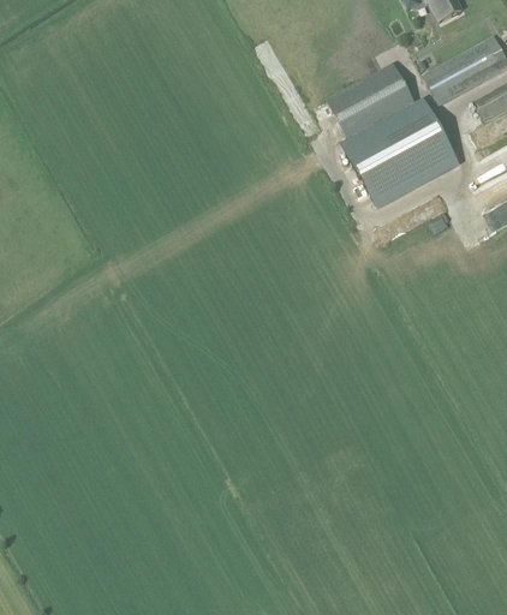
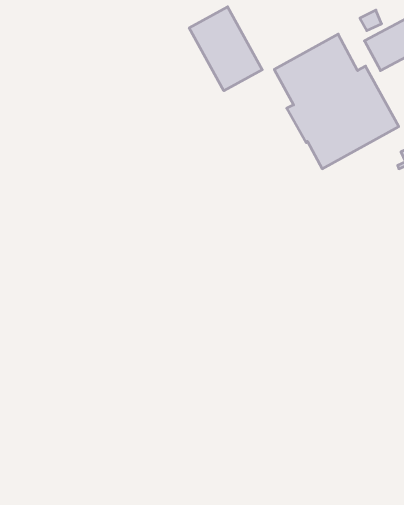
building: none -> [189,7,262,91]

